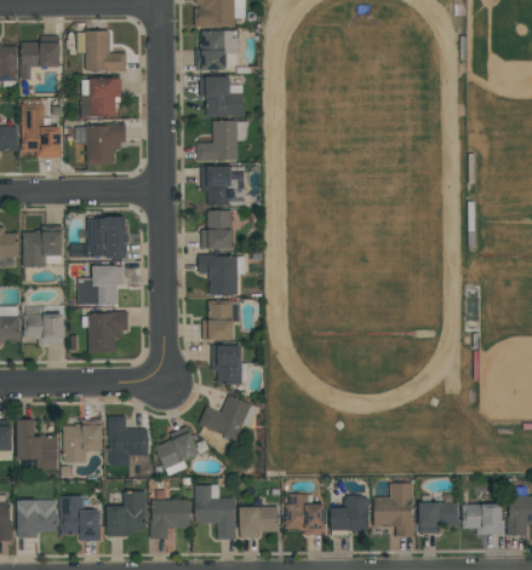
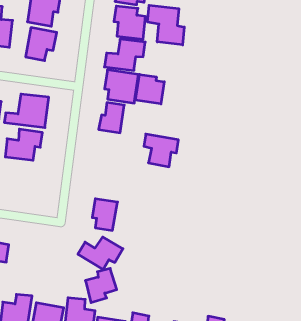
building: none -> [148,5,184,45]
building: none -> [136,74,164,104]
building: [199,255,245,295] -> [144,134,178,167]
building: [202,303,234,341] -> none
building: [88,313,126,352] -> none
building: [108,416,149,466] -> none
building: [155,426,200,477] -> [85,268,117,303]

